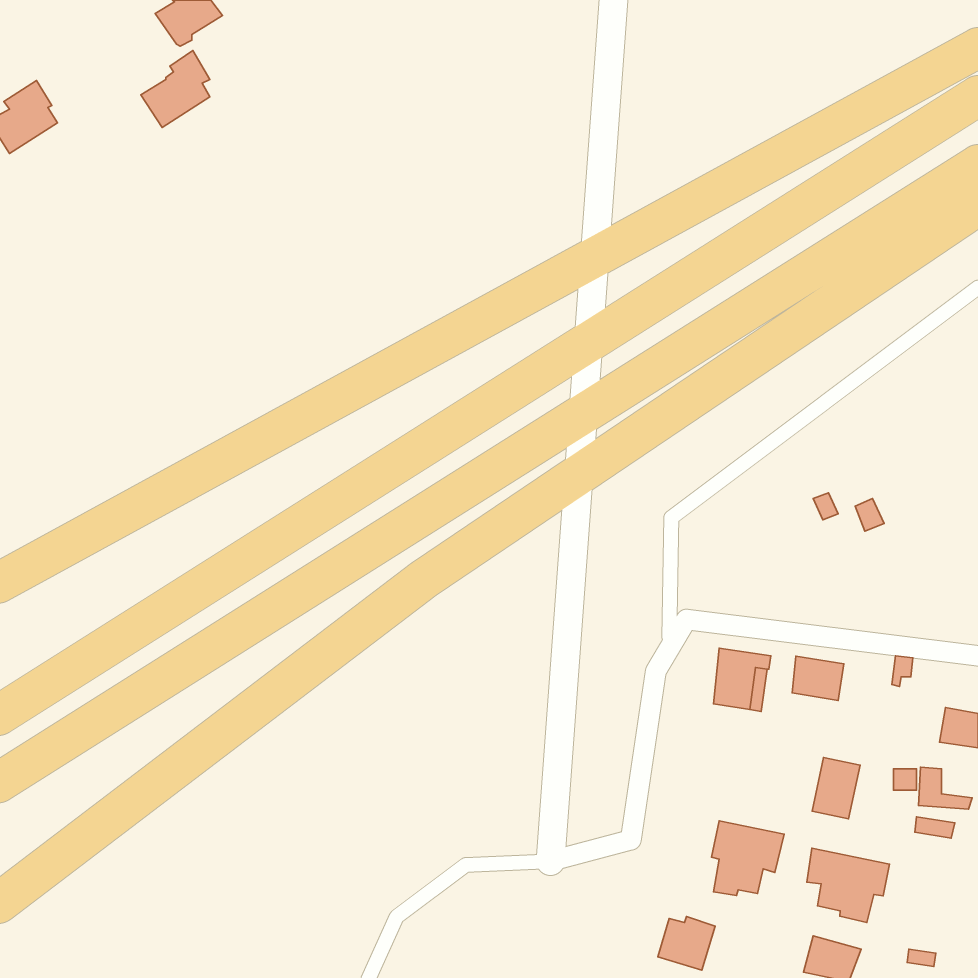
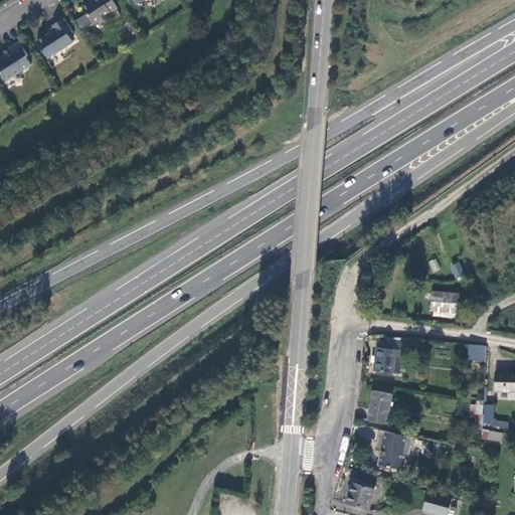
building: [141,51,210,127] -> [36,19,72,59]
building: [792,656,844,700] -> [431,293,458,316]
building: [812,758,860,819] -> [367,392,392,424]
building: [807,848,889,922] -> none

